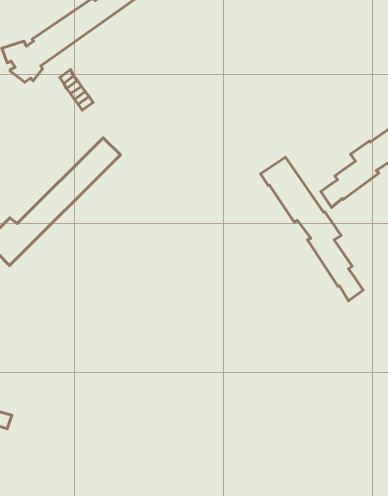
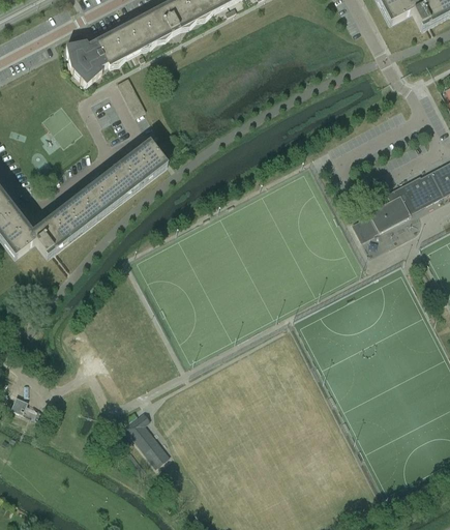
building: [260,157,363,301] -> none
building: none -> [125,412,170,466]

